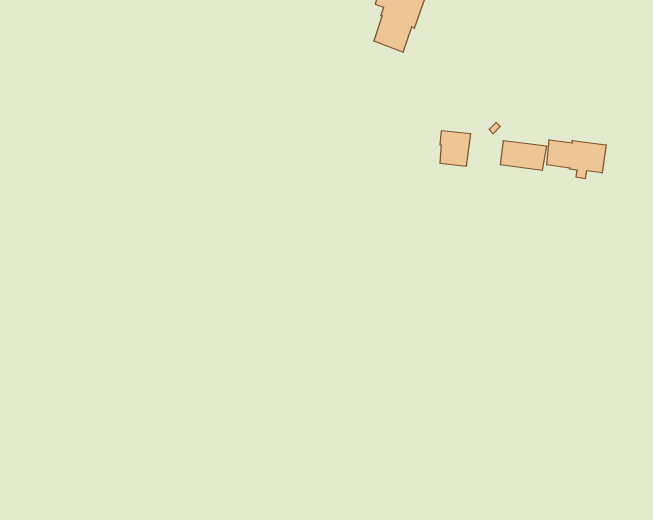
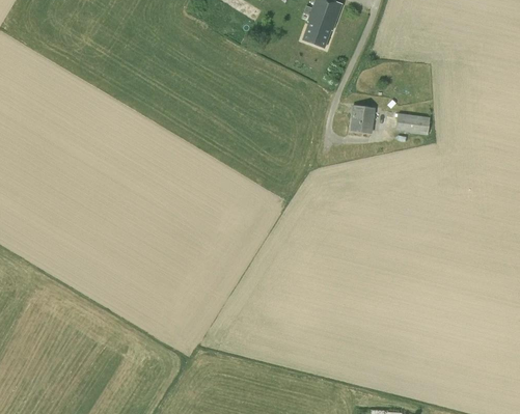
building: [547,140,606,179] -> none

